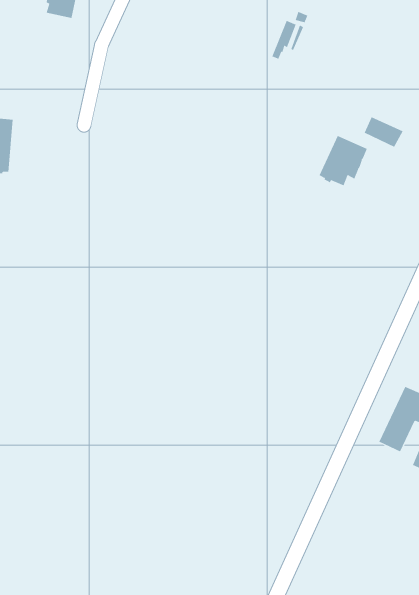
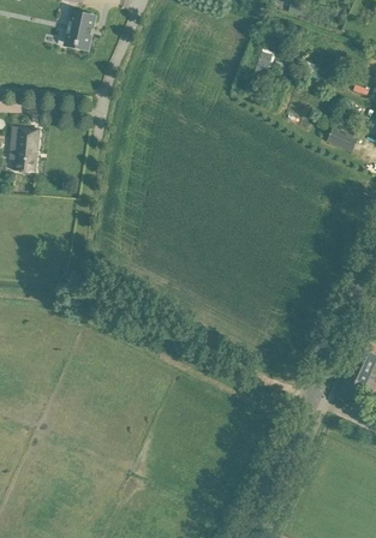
building: [319,135,367,186] -> none

